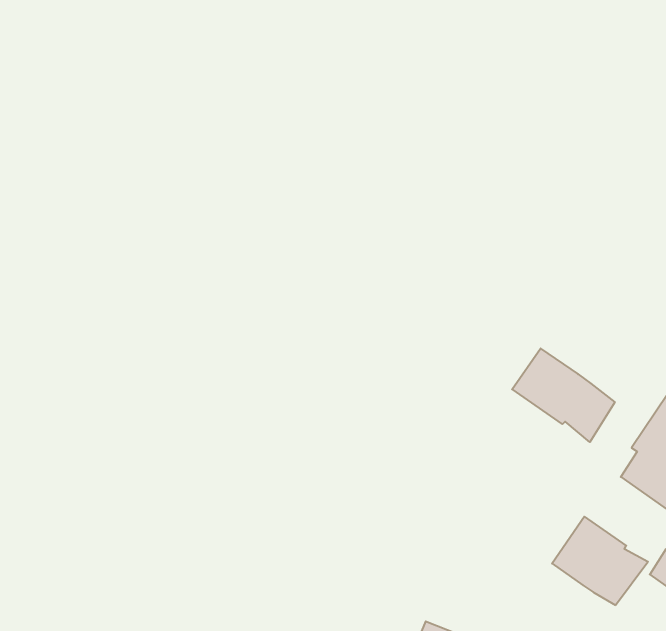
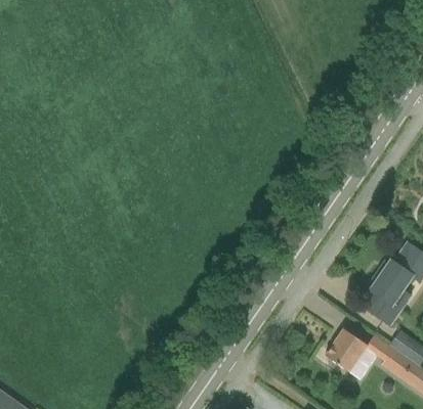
building: [512,348,615,442] -> none

